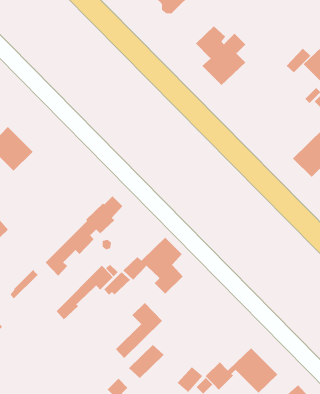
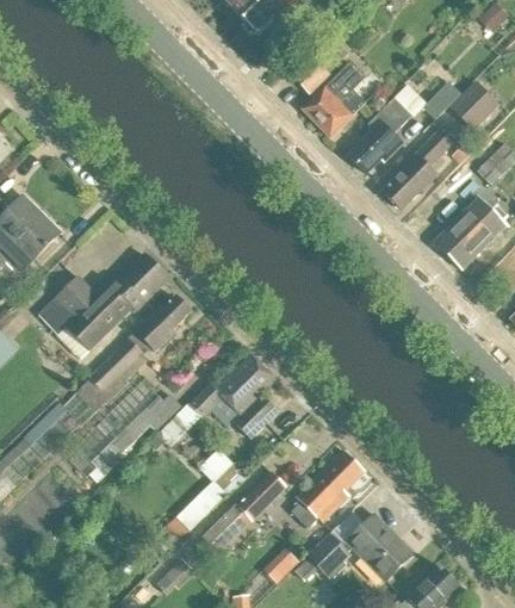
building: none -> [347,97,412,174]
building: none -> [383,130,451,210]
building: none -> [37,254,167,349]
building: none -> [292,451,362,527]
building: none -> [238,473,286,521]

